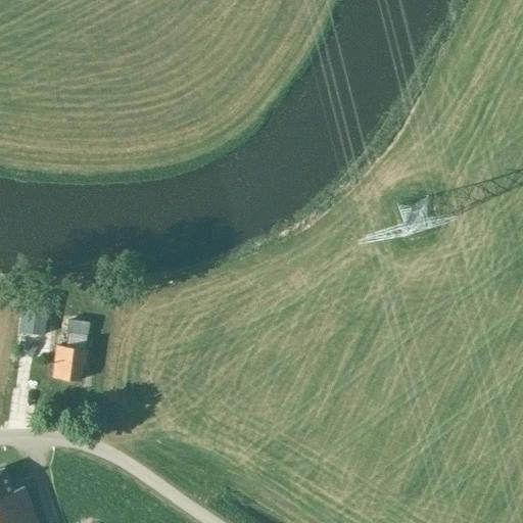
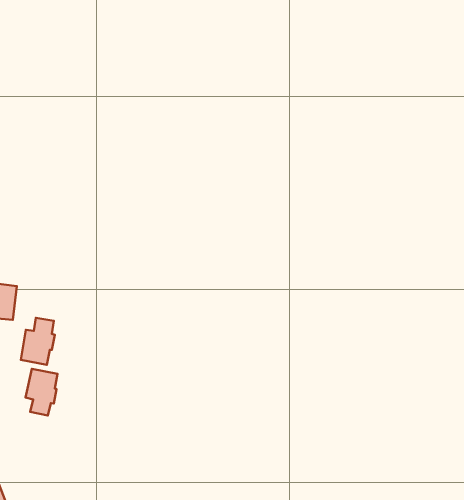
building: none -> [25,369,57,416]

